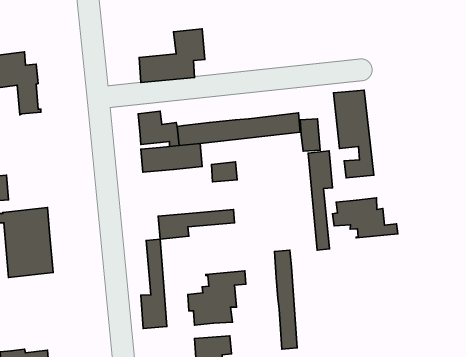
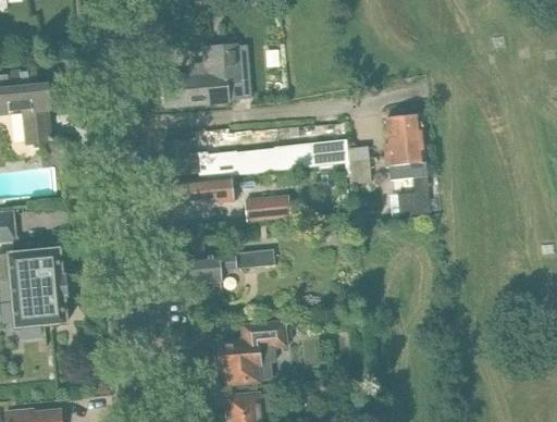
building: [308,151,332,250] -> none
building: [332,198,398,238] -> none
building: [141,239,167,329] -> none
building: [275,250,297,349] -> none

